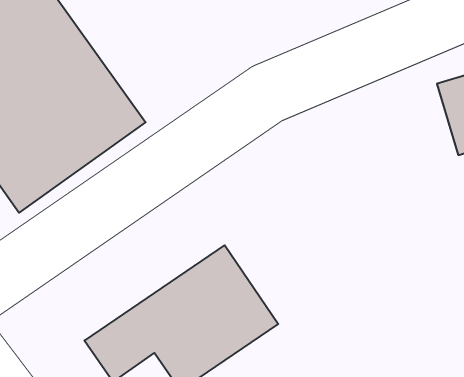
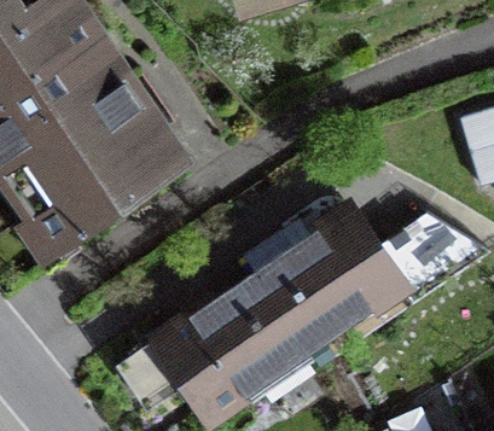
building: none -> [257,206,407,349]

